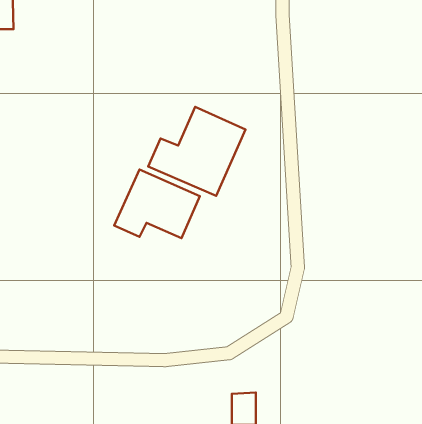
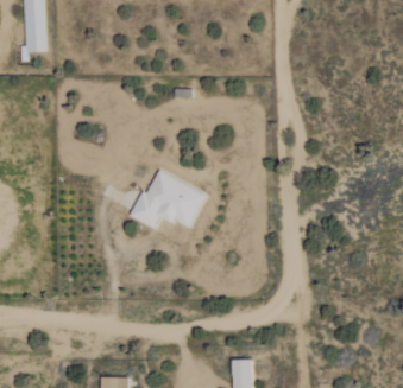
building: [148,107,245,196] -> none

